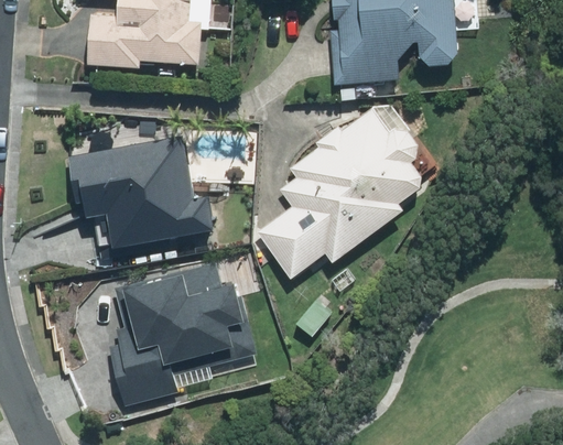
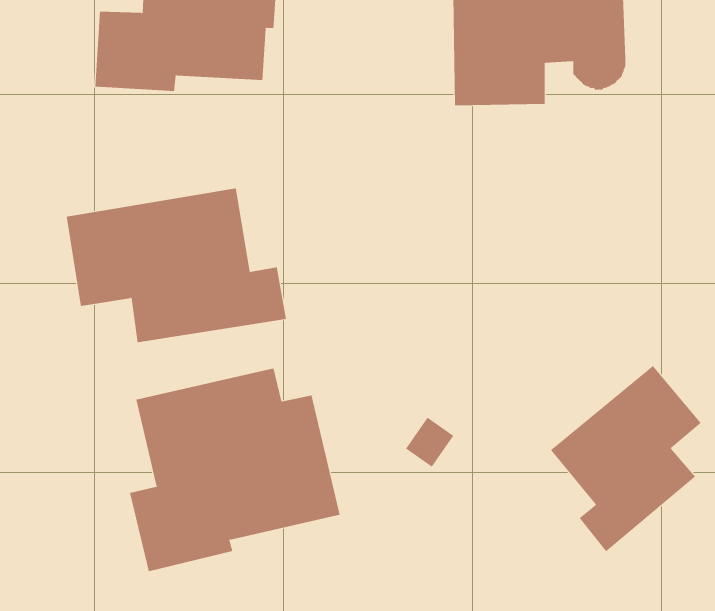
building: [257,100,424,279] -> none
building: none -> [550,365,702,552]

